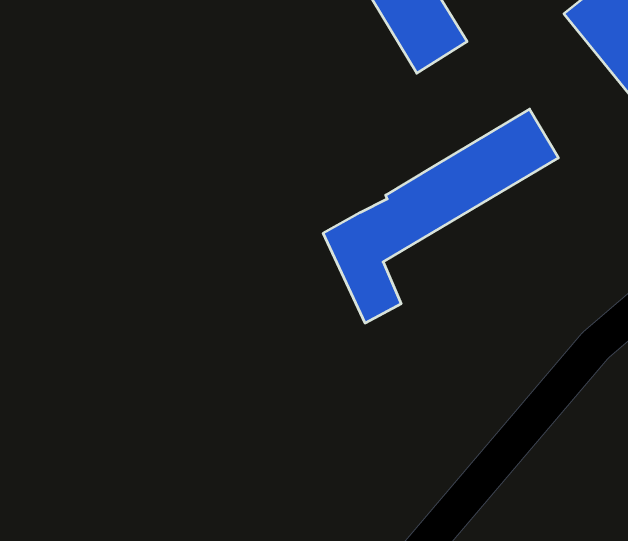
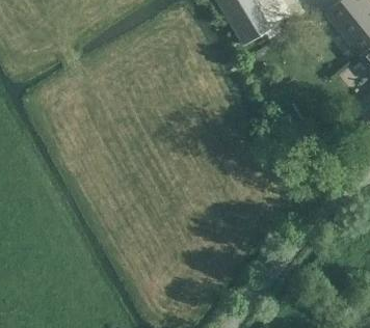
building: [323,109,558,323] -> none

